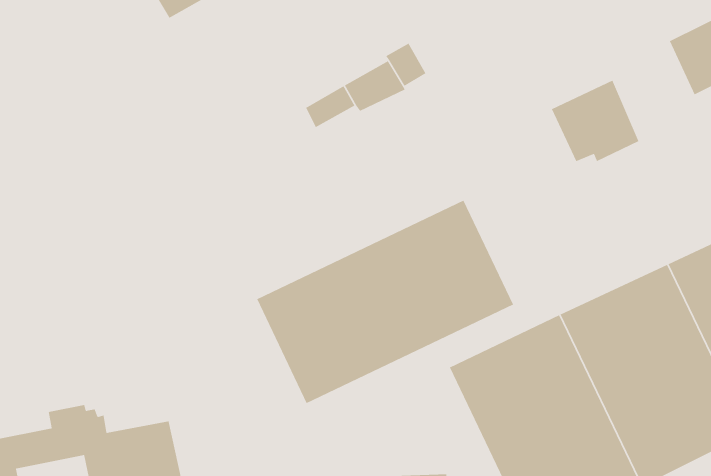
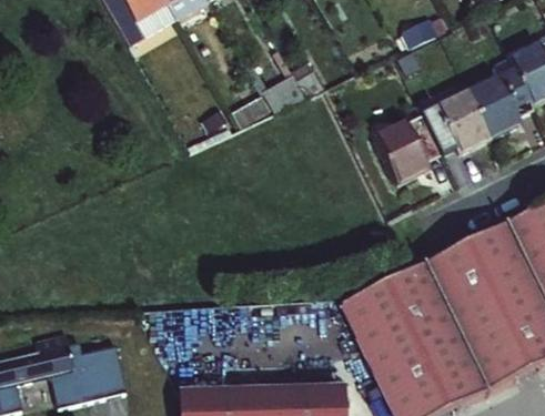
building: none -> [466,53,531,134]
building: none -> [375,110,438,179]
building: [256,200,514,404] -> none

